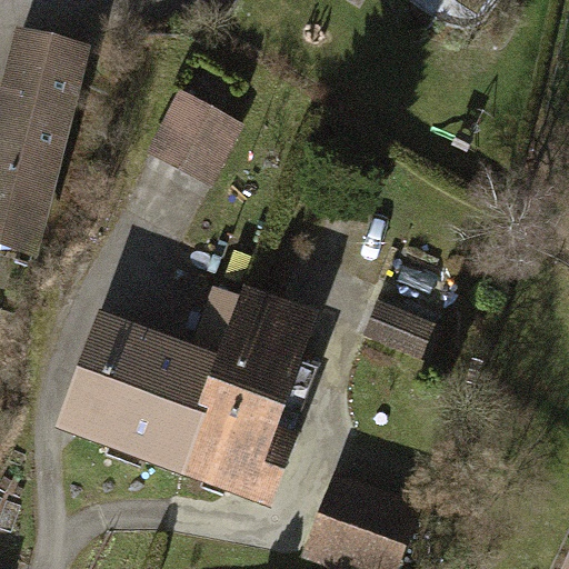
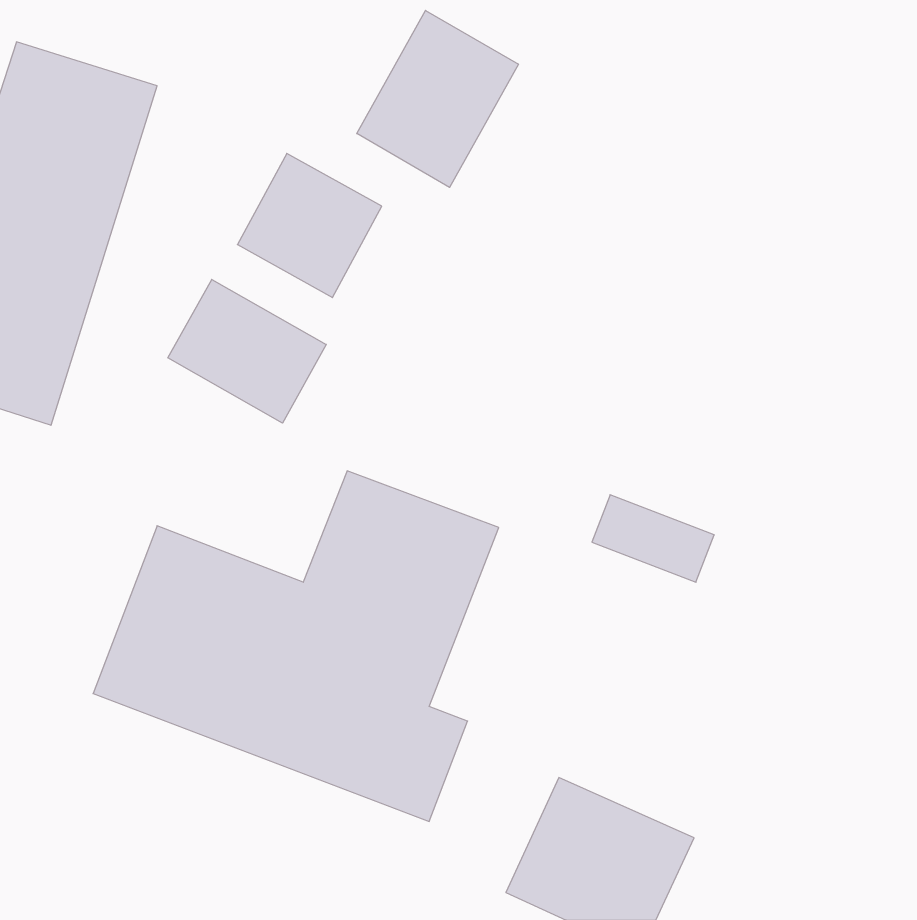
building: none -> [357,10,518,187]
building: none -> [168,279,326,423]

